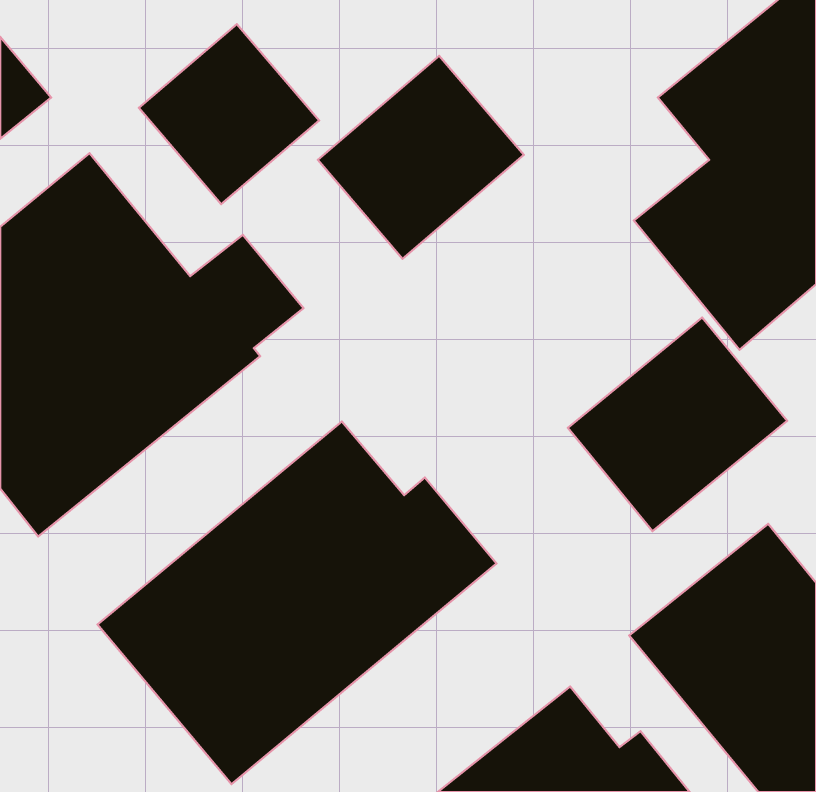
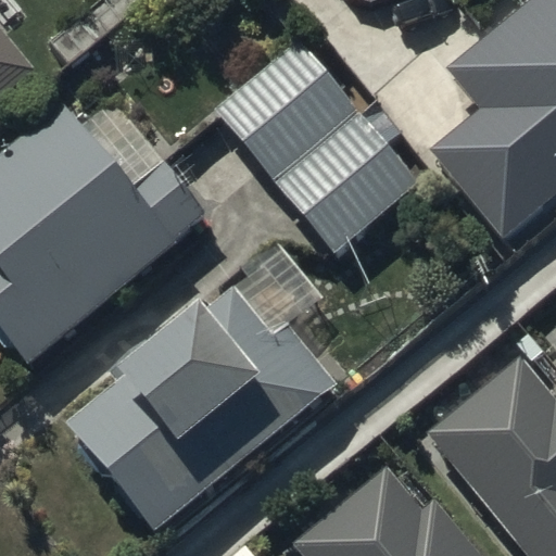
building: [139,24,319,204] -> none
building: none -> [276,111,418,250]
building: [568,318,787,531] -> none

